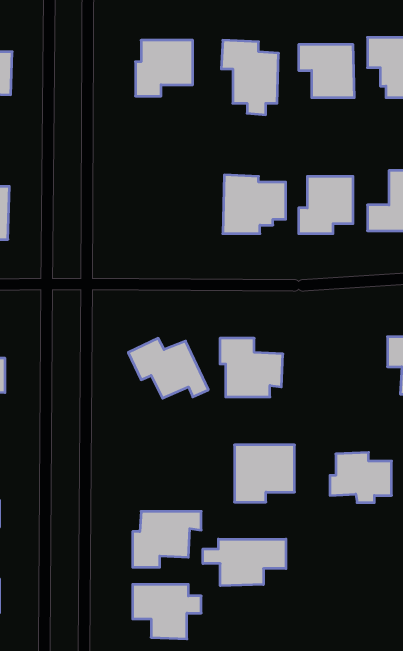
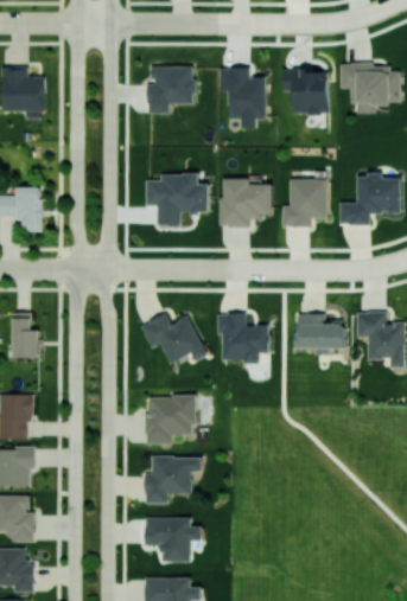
building: none -> [146,174,208,225]
building: [234,445,295,502] -> [146,396,196,443]
building: [330,452,392,503] -> [293,313,344,354]
building: [203,539,286,586] -> none

